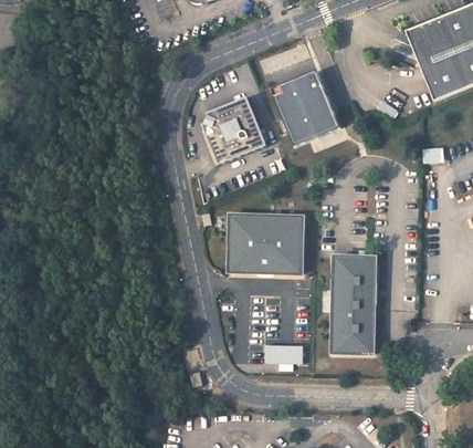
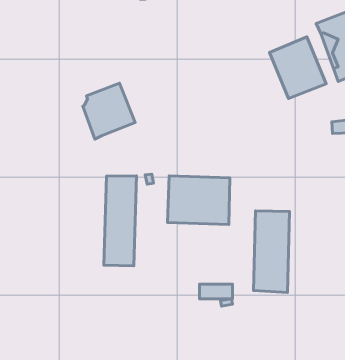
building: [272,70,340,144] -> [269,37,326,98]
building: [202,95,265,163] -> [83,83,135,139]
building: none -> [104,176,137,266]

